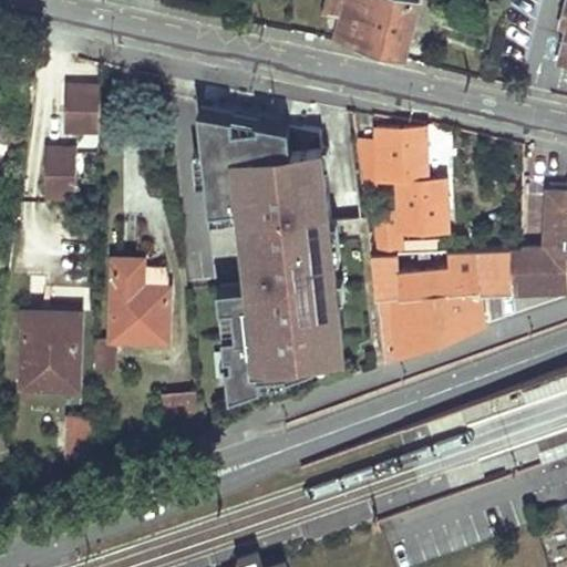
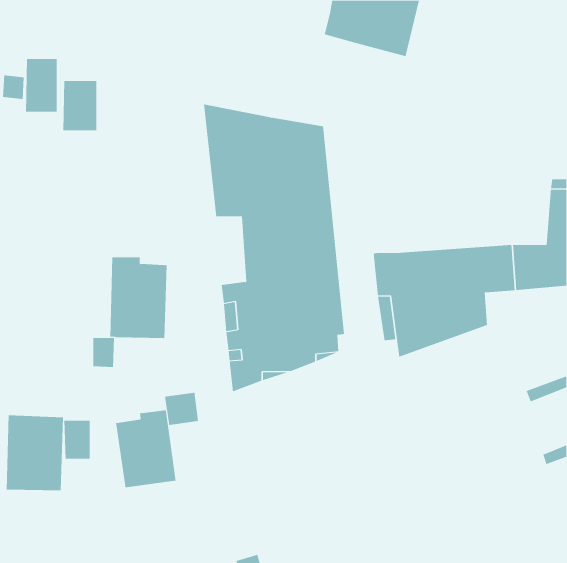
building: [373,130,445,258] -> none
building: [42,150,74,203] -> [25,58,57,112]
building: [20,316,78,391] -> [6,415,64,491]
building: none -> [116,410,176,488]

